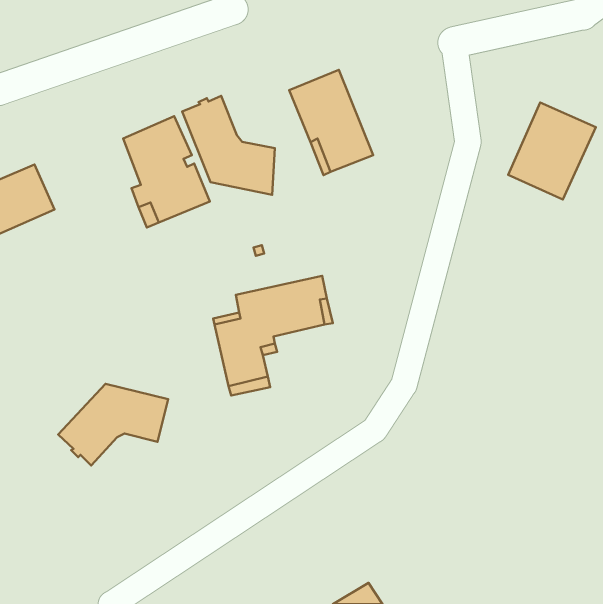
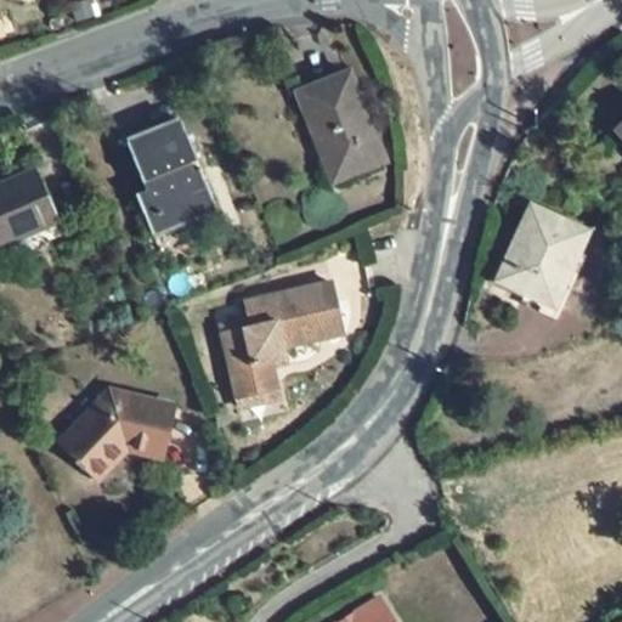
building: [182,96,275,195] -> none
building: [508,102,596,200] -> [496,205,586,305]

